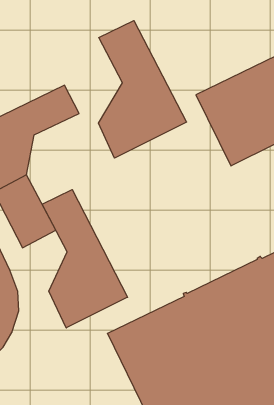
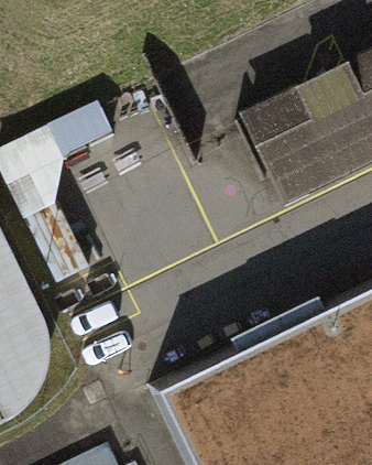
building: [98,21,187,158] -> none
building: [42,190,128,328] -> none

